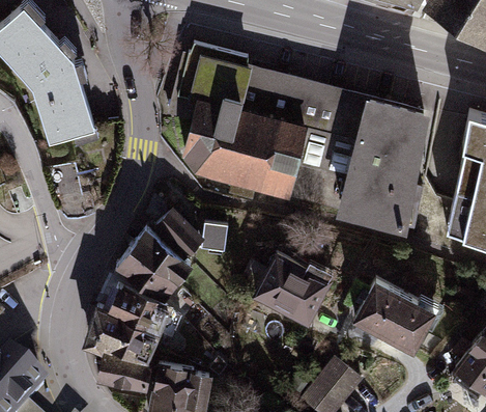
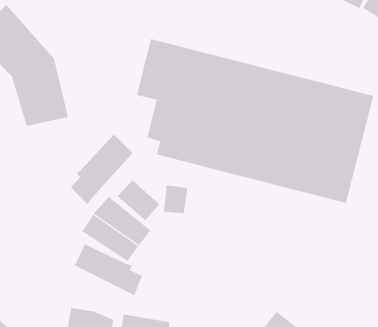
building: none -> [70,134,133,205]
building: [250,247,331,318] -> none
building: [354,275,437,349] -> none
building: [80,303,159,363] -> none

